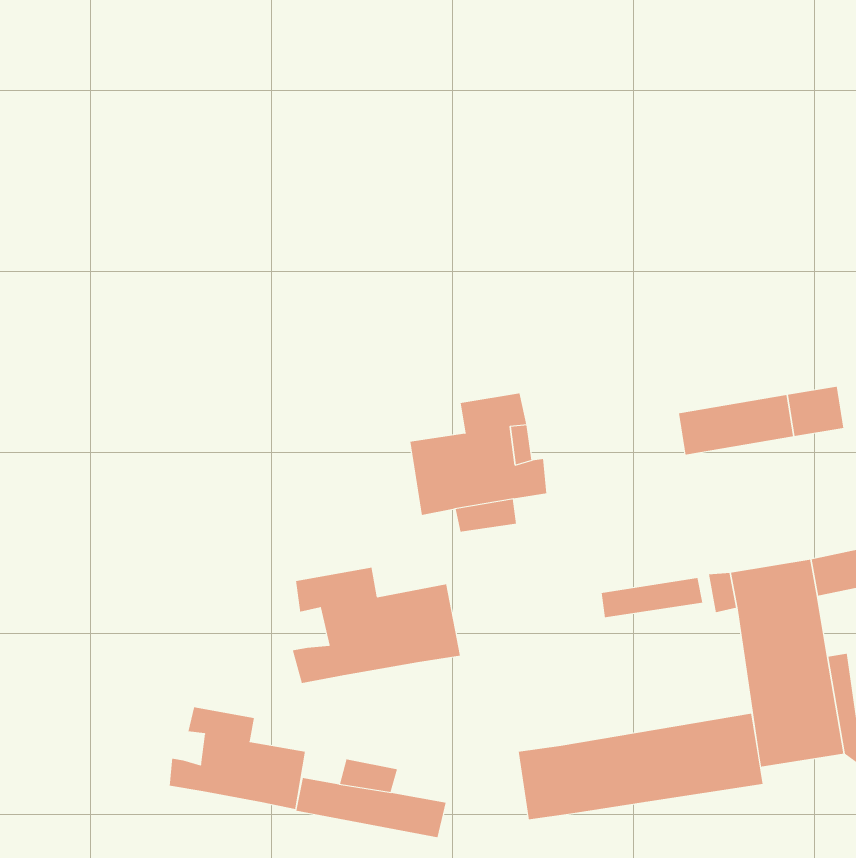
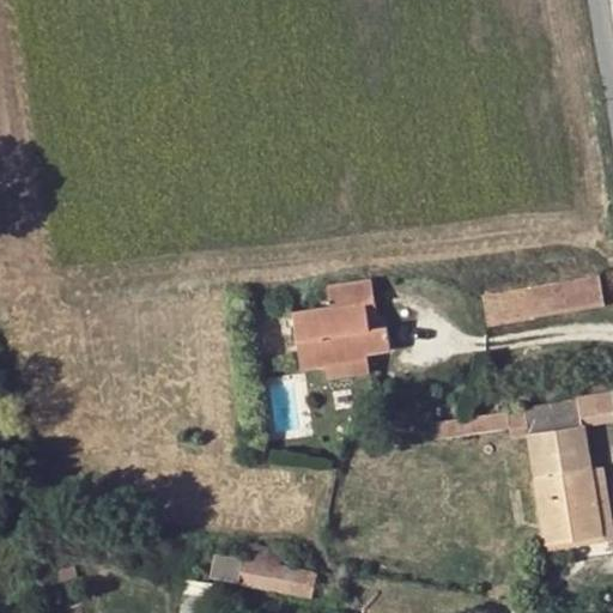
building: [292,567,461,684] -> none
building: [169,706,306,810] -> none
building: [518,713,763,820] -> none

